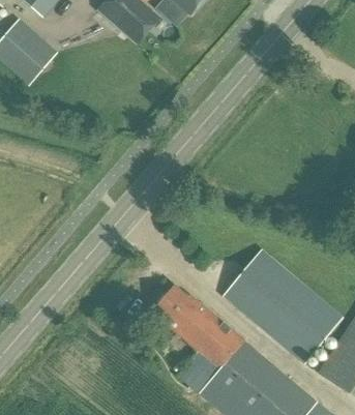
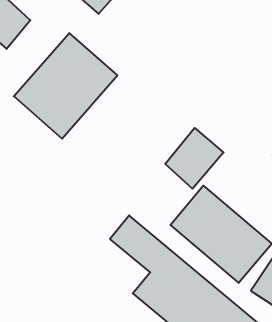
building: none -> [14,33,117,139]
building: none -> [165,128,224,189]

